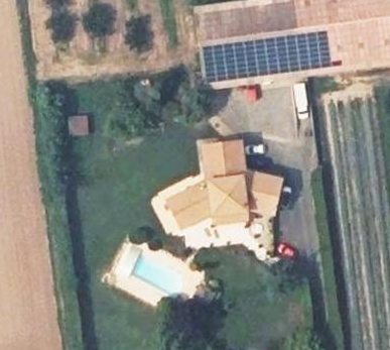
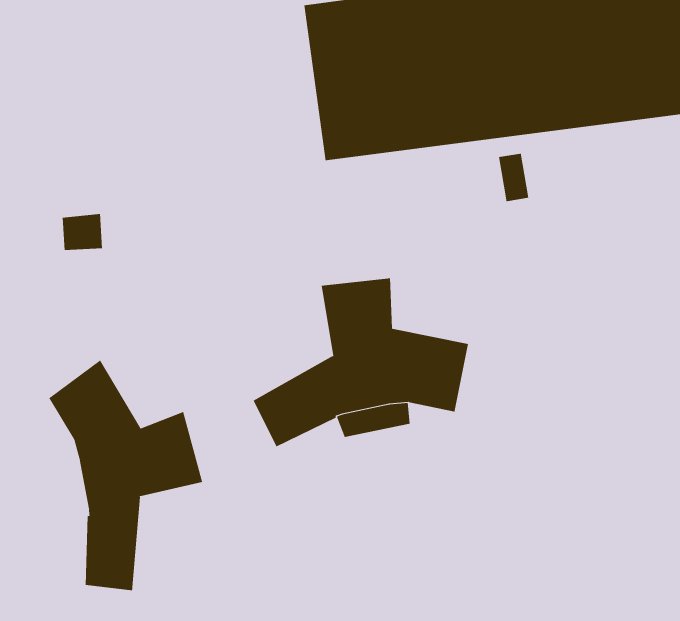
building: none -> [48,359,203,591]

